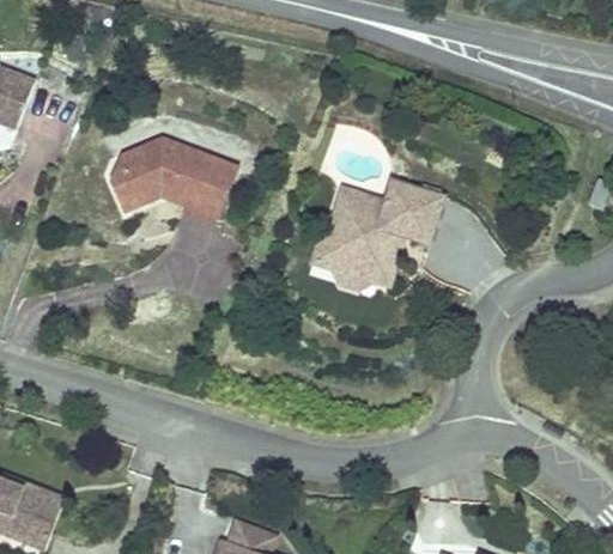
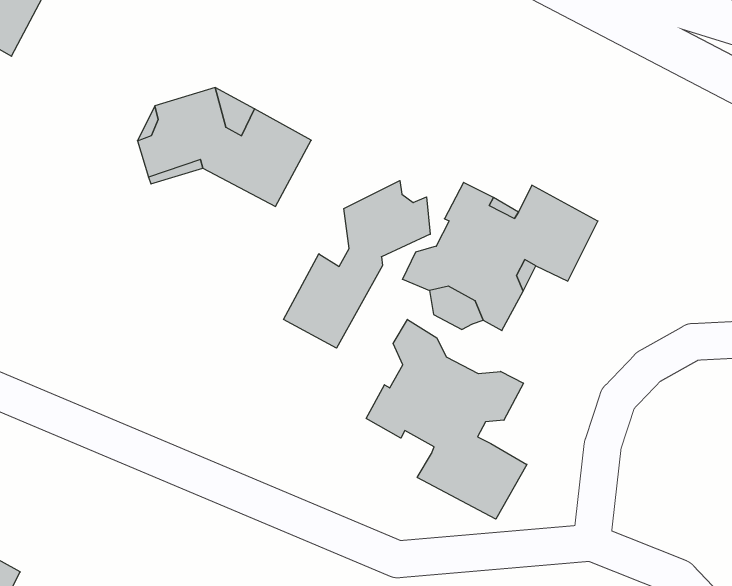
building: none -> [284,181,430,348]
building: none -> [366,319,527,519]

